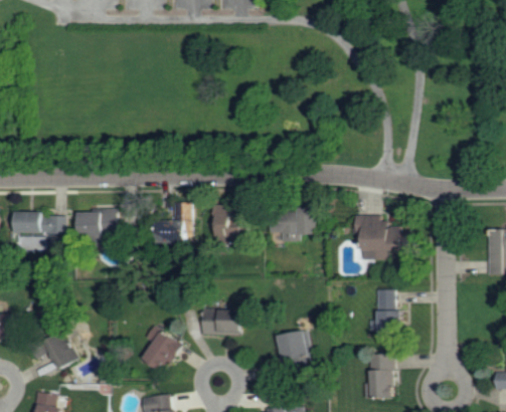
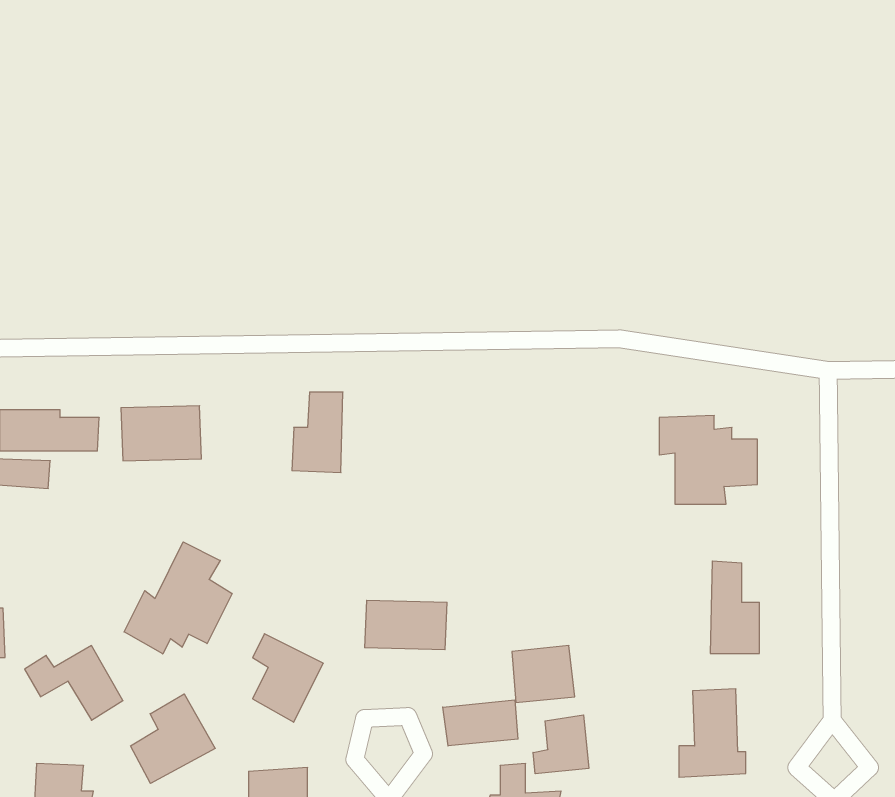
building: [214,205,245,242] -> none
building: [272,211,315,241] -> none
building: none -> [124,542,232,654]
building: none -> [131,694,215,783]
building: none -> [443,700,518,746]
building: none -> [533,715,589,774]

